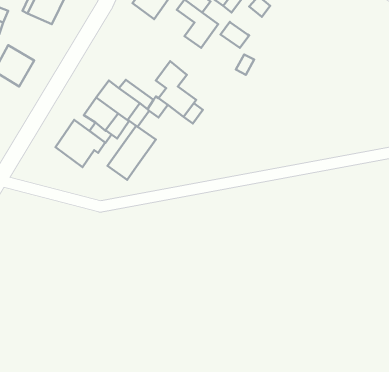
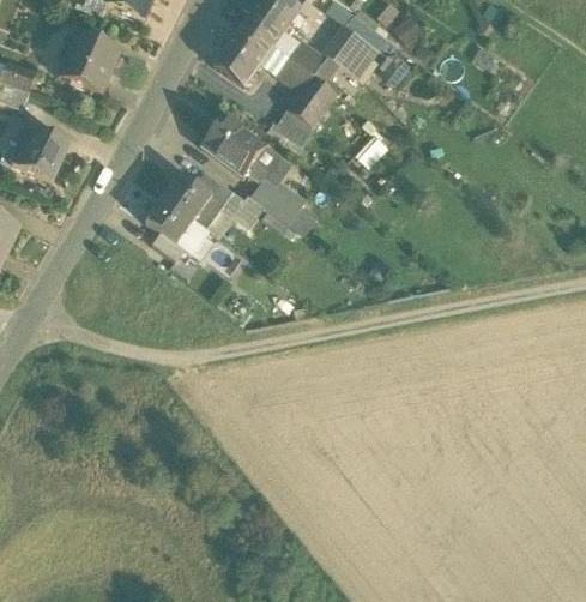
building: [221,22,249,48] -> [272,107,313,144]
building: none -> [200,113,266,175]
building: [56,120,105,167] -> none
building: [108,126,156,180] -> none

